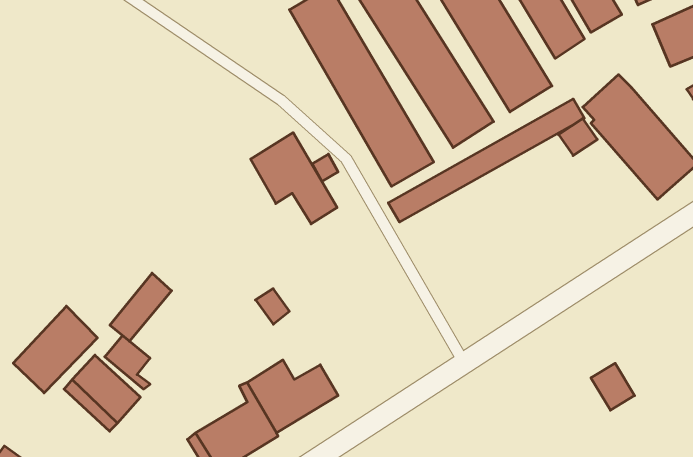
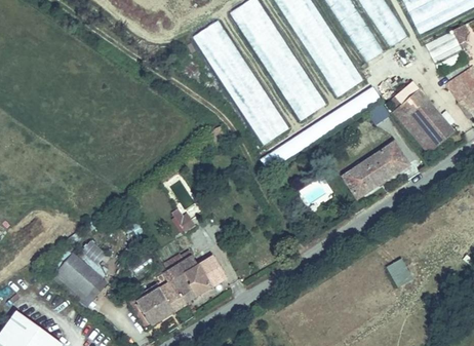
building: [251,133,337,224] -> none
building: none -> [344,142,409,199]
building: [110,273,172,341] -> none
building: [13,306,97,393] -> none

